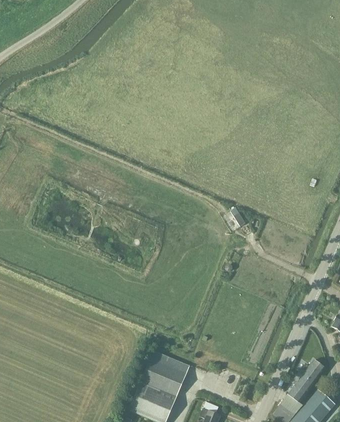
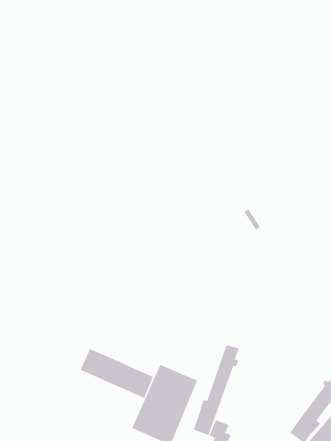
building: none -> [193,345,240,436]
building: none -> [80,348,153,399]

